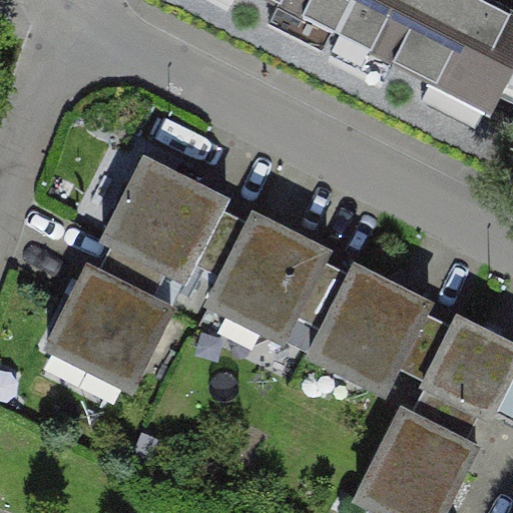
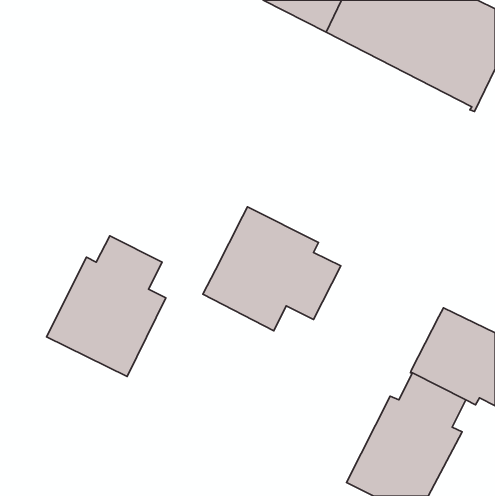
building: [104,158,250,281] -> none
building: [311,266,453,393] -> none

